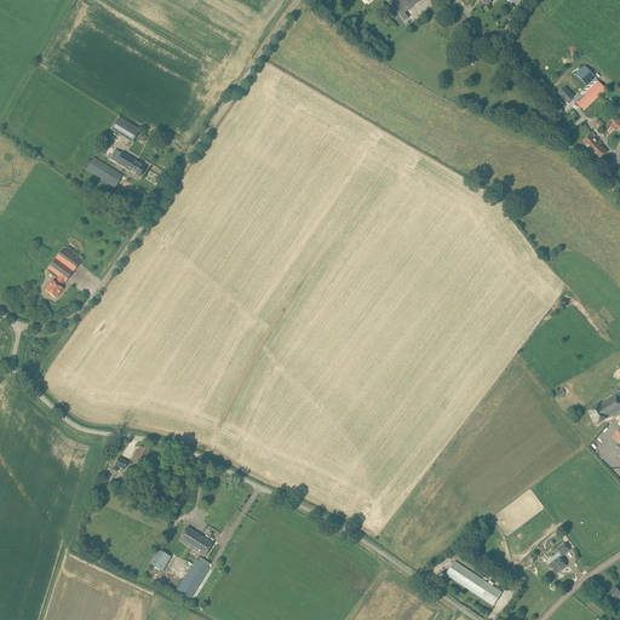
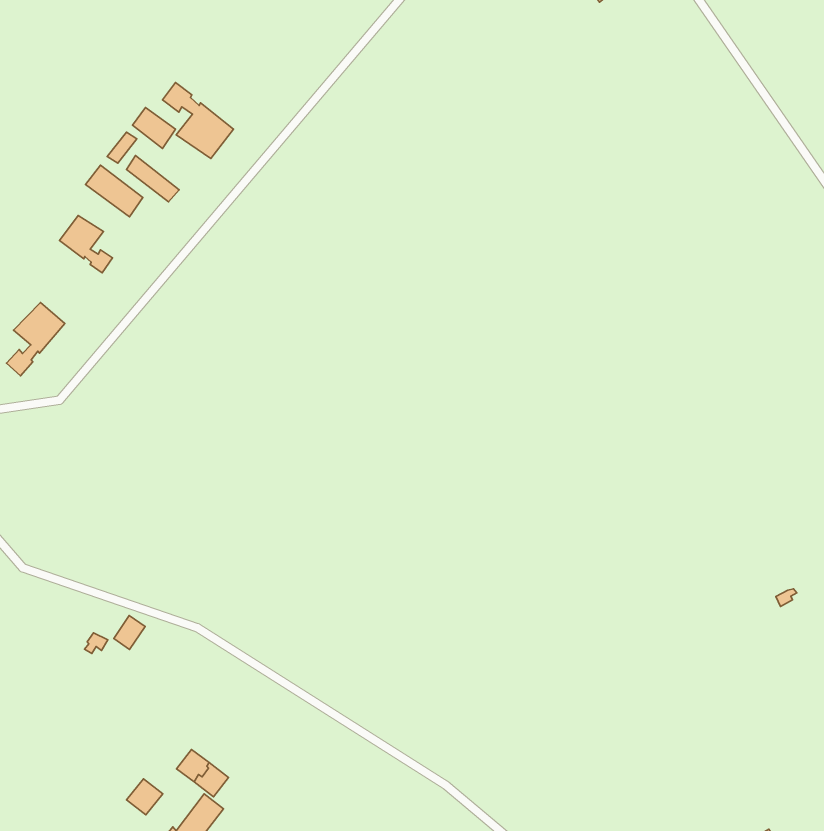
building: none -> [163,83,234,158]
building: none -> [60,216,112,273]

